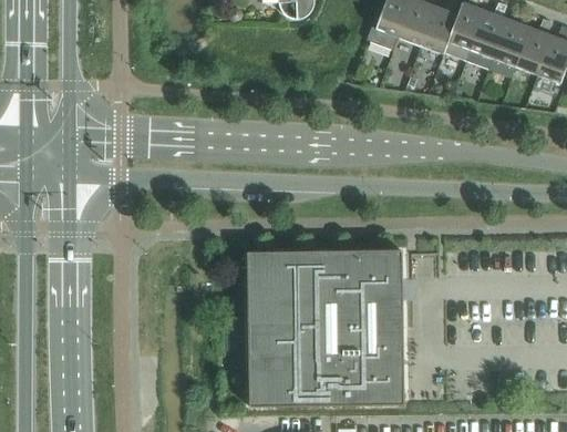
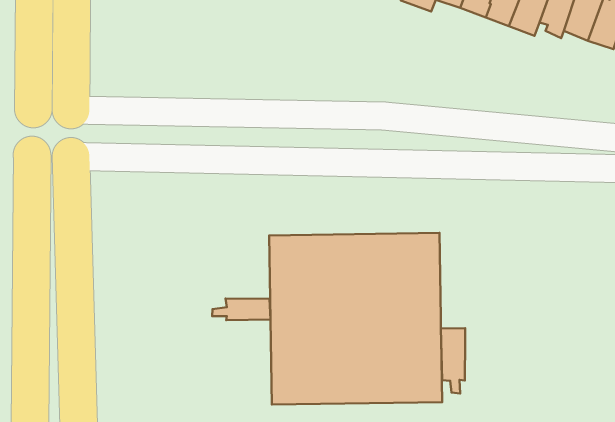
building: none -> [212,298,271,320]
building: none -> [441,328,465,393]

